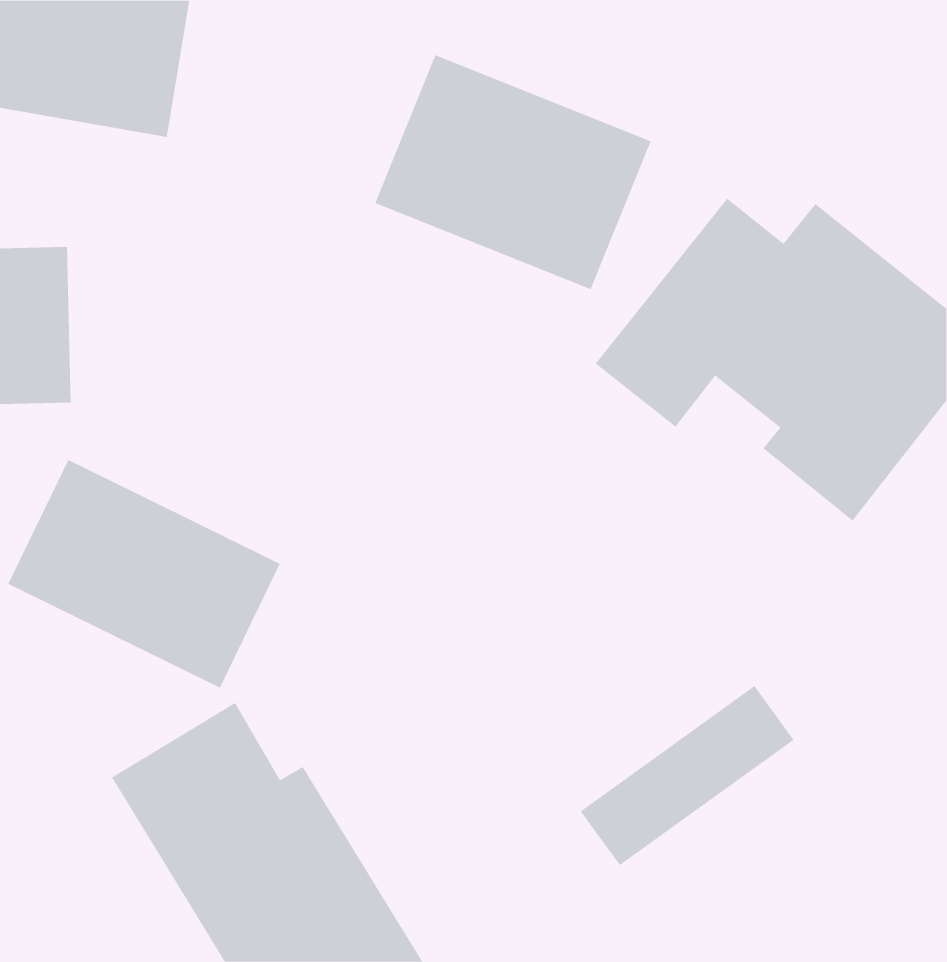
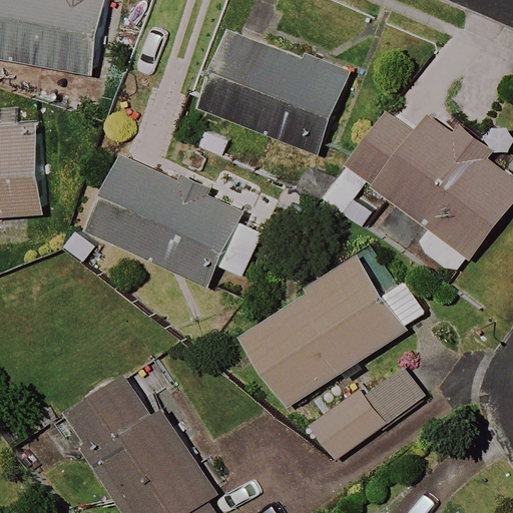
building: none -> [85,153,265,288]
building: [8,459,281,688] -> none
building: none -> [239,254,424,409]

